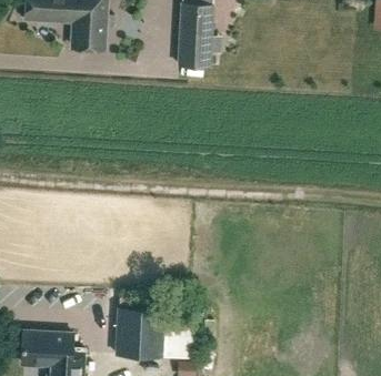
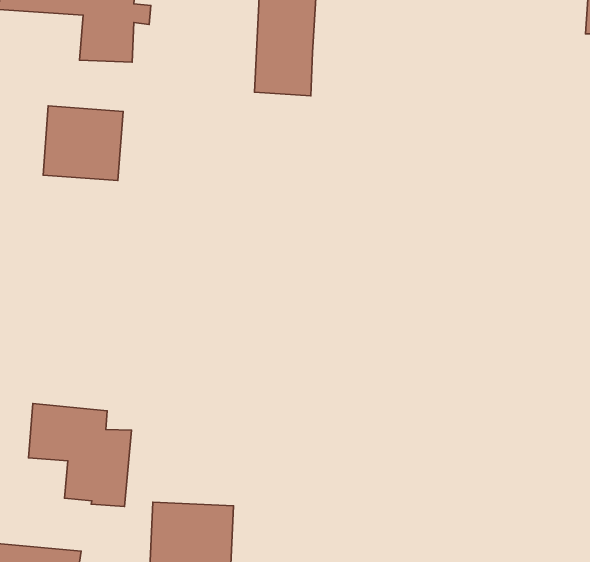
building: none -> [43,106,123,181]
building: none -> [28,404,131,506]

